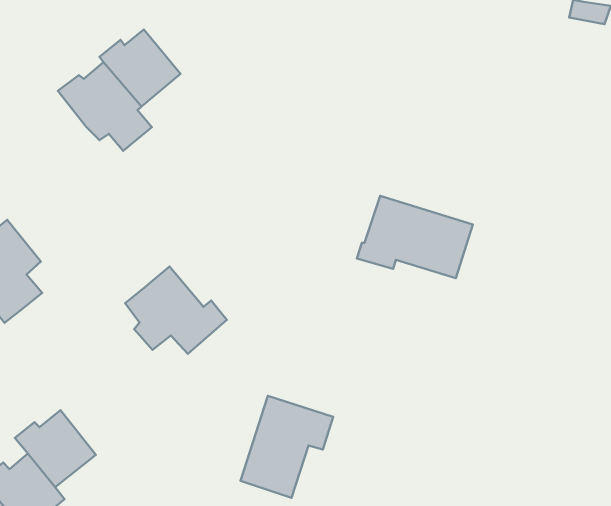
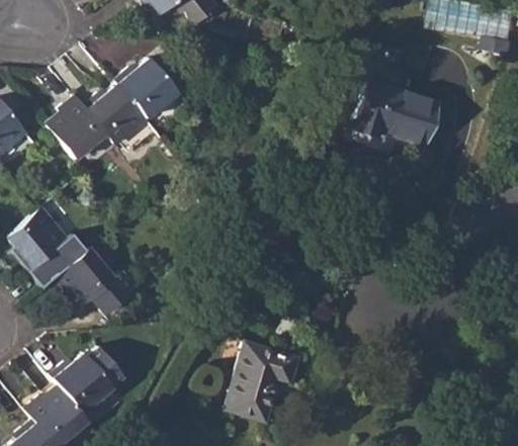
building: none -> [49,95,106,158]
building: [357,196,473,278] -> [350,80,440,144]
building: [125,266,227,354] -> [57,246,136,314]

